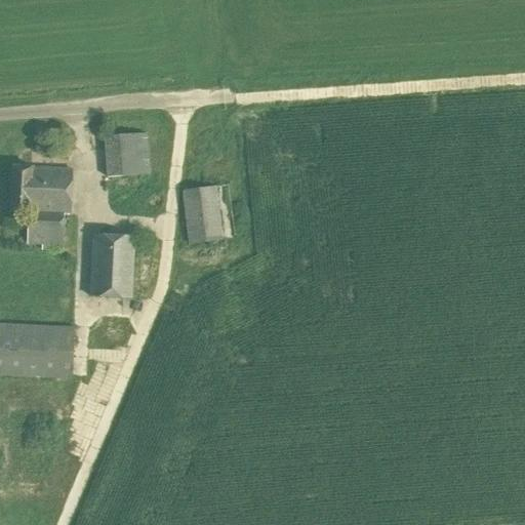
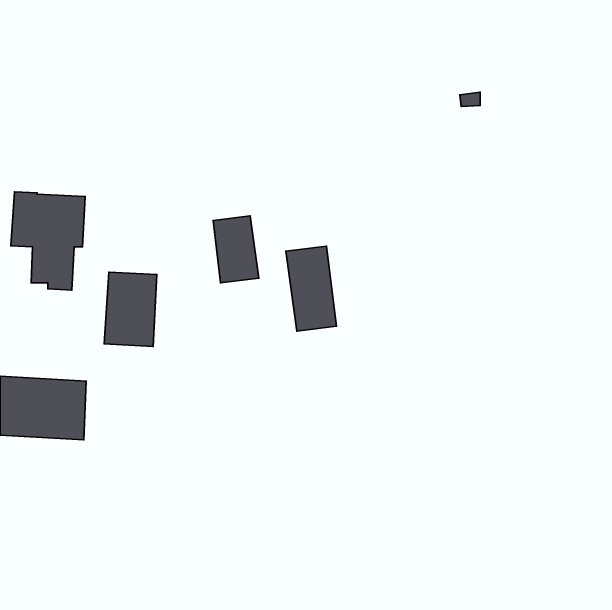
building: [105,132,149,175] -> none
building: none -> [286,246,336,331]

